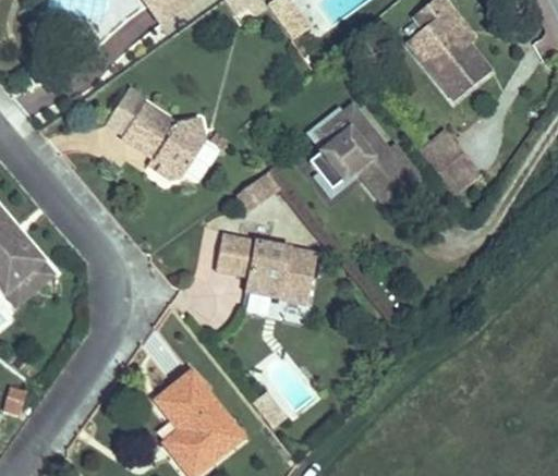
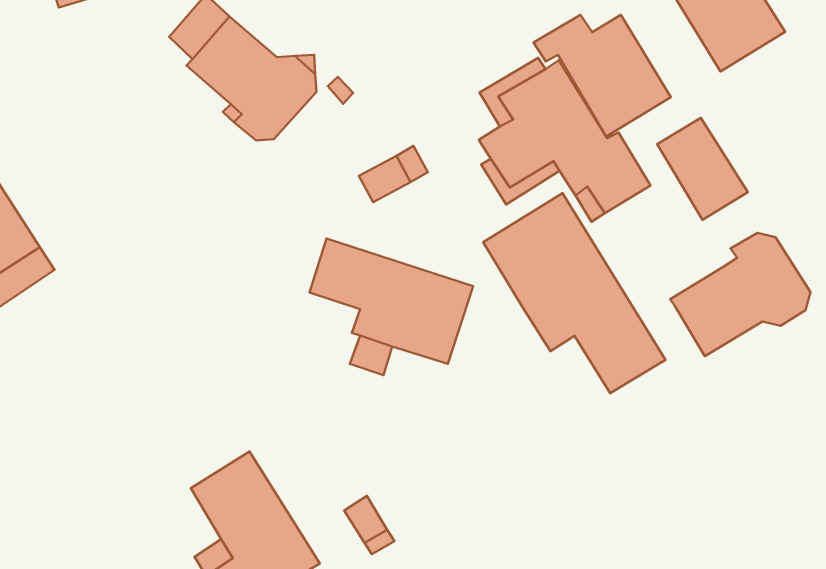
building: none -> [534,15,671,137]
building: none -> [483,193,666,393]
building: none -> [670,233,810,356]

